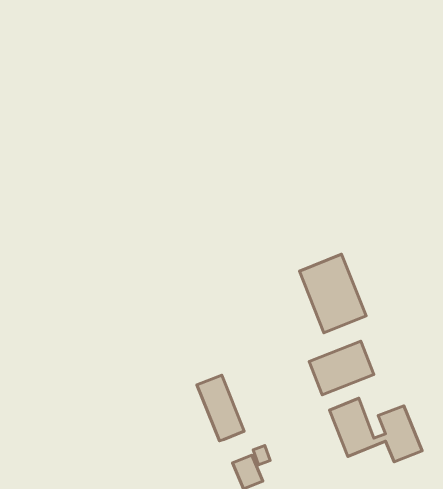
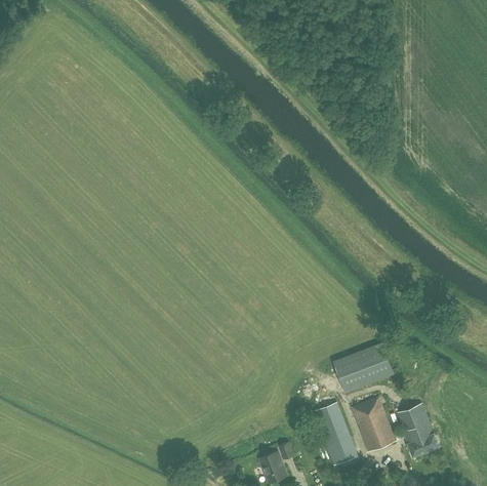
building: [299,254,366,333] -> none
building: [197,375,244,441] -> [312,403,357,465]

